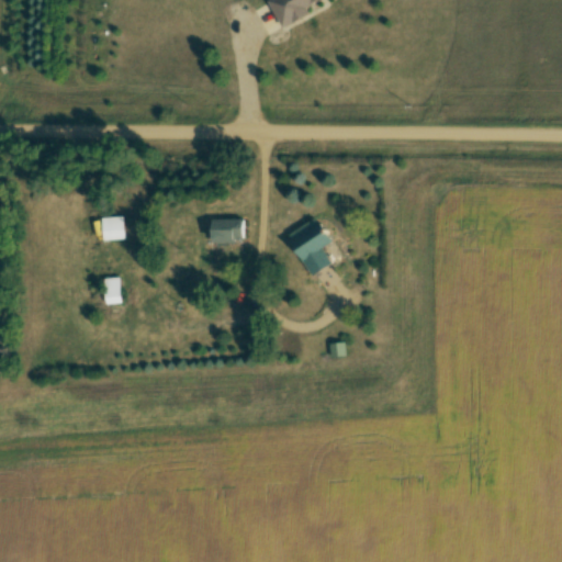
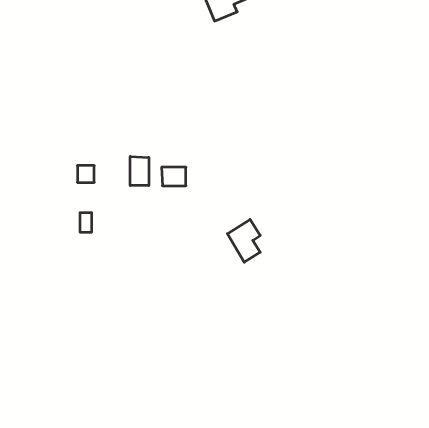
building: none -> [130,156,149,186]
building: [290,221,333,277] -> [227,219,260,262]

